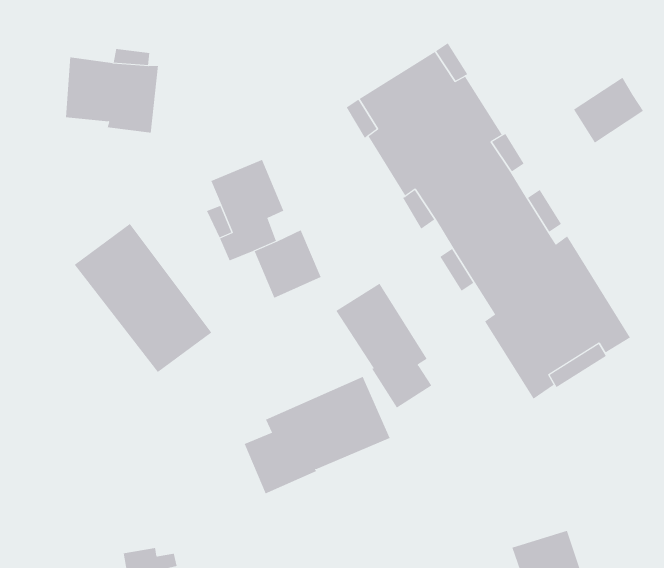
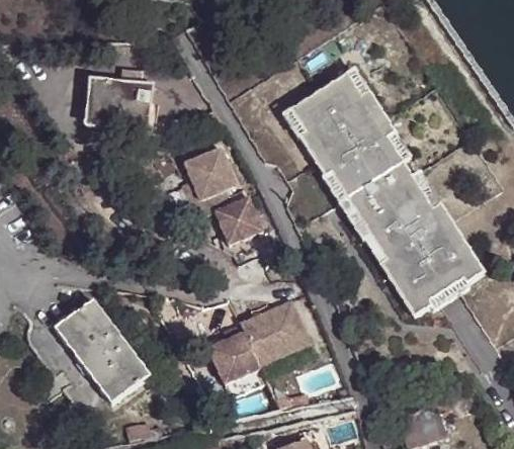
building: [573,77,644,143] -> none
building: [74,223,212,373] -> [53,299,150,405]
building: [335,283,432,409] -> none

